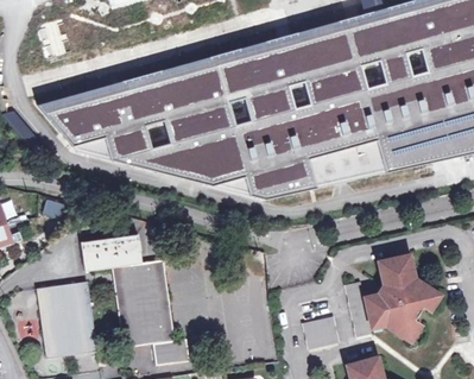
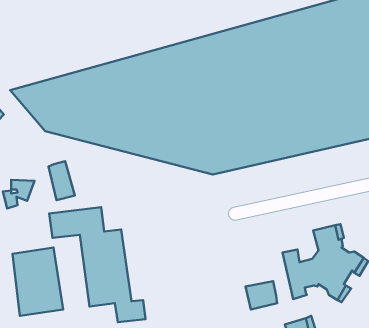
building: none -> [48,161,75,200]

